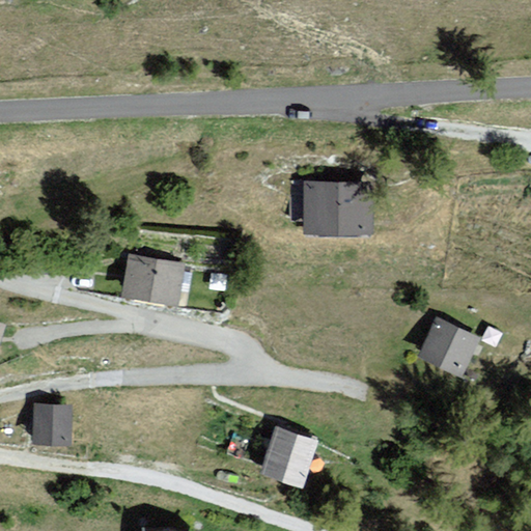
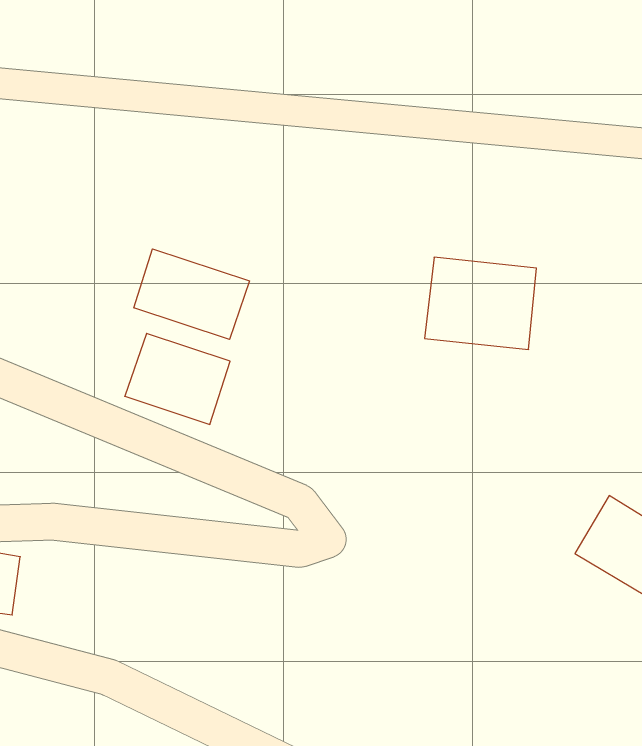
building: none -> [134,249,249,339]
building: [264,427,316,484] -> none

